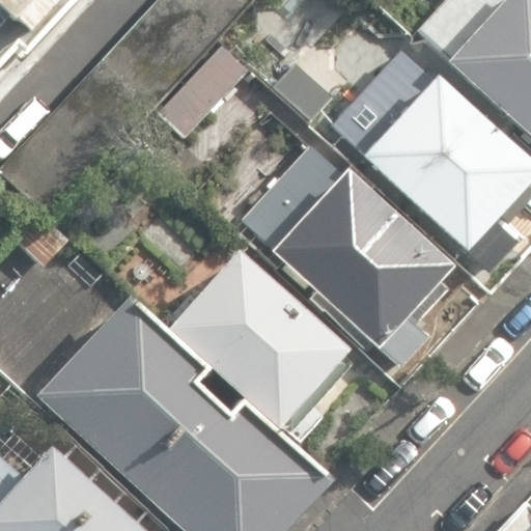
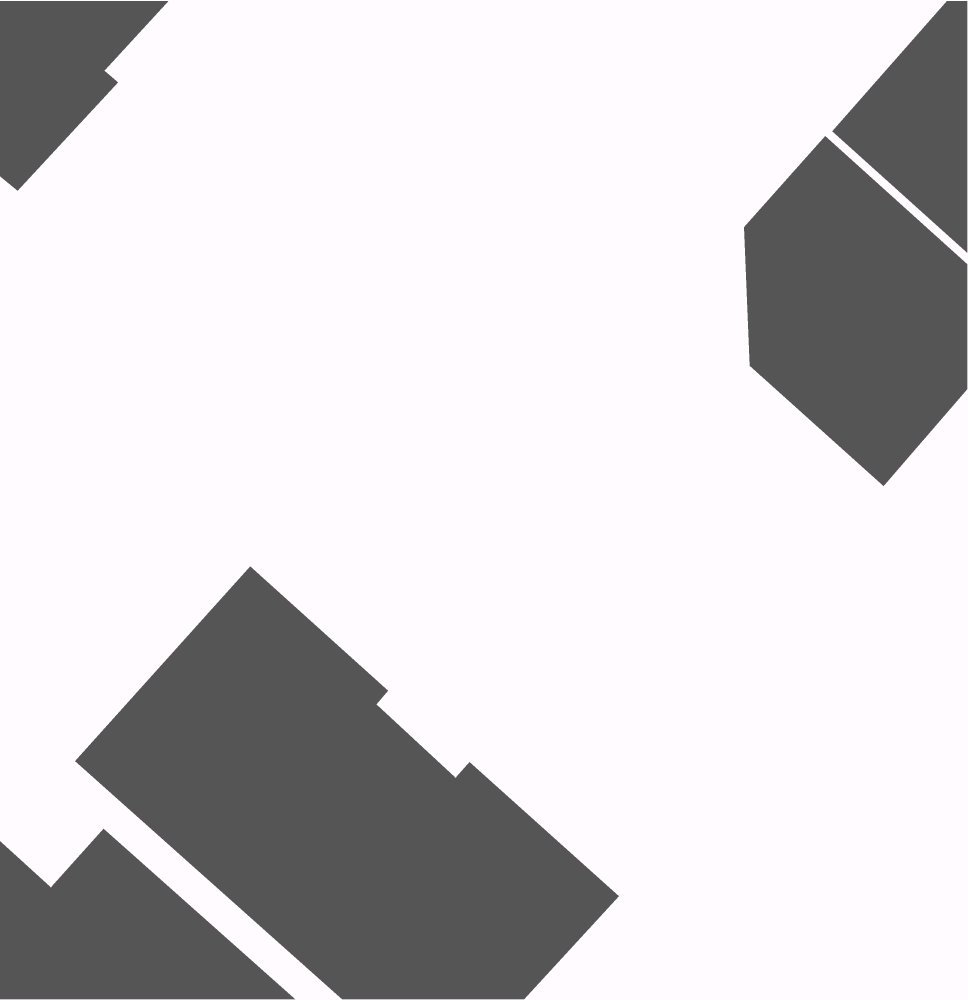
building: [267,168,462,366] -> none
building: [169,244,357,427] -> none

